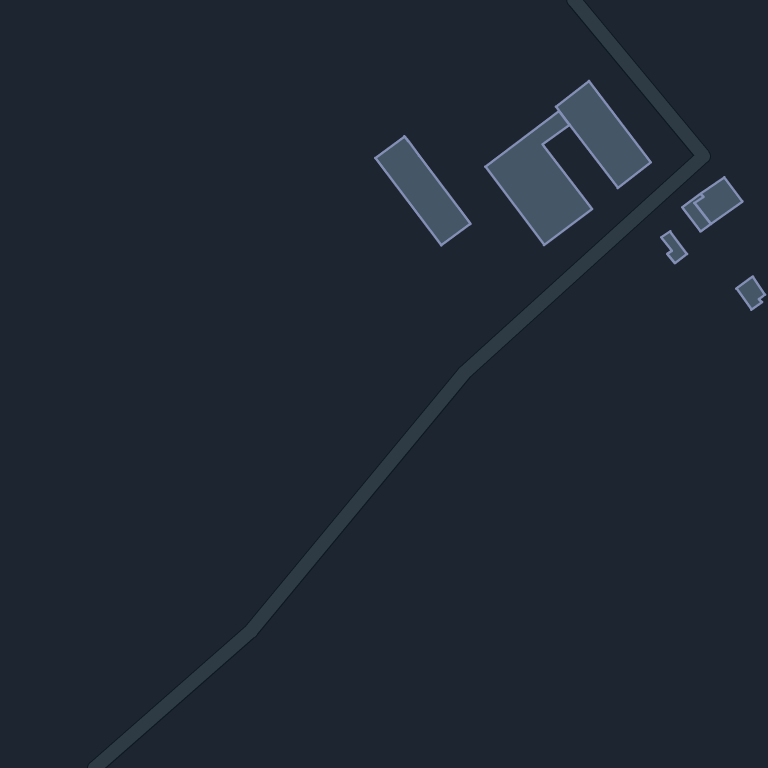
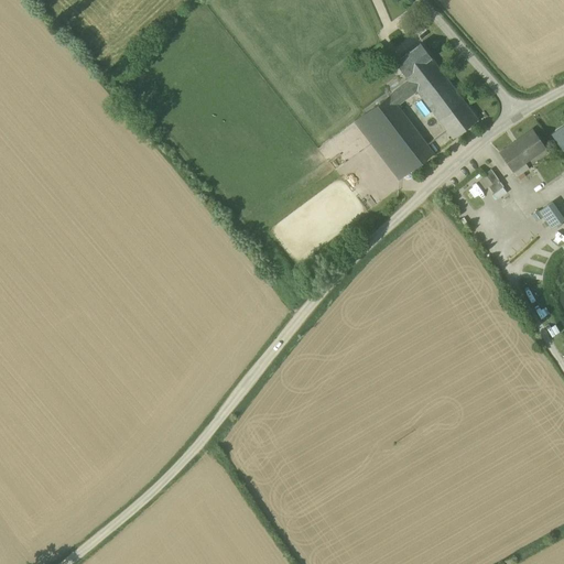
building: none -> [395,44,432,78]
building: [375,136,470,245] -> none

